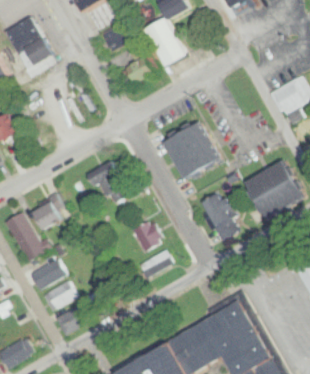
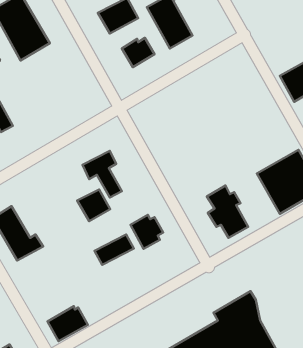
building: [162,122,220,181] -> none
building: [31,201,61,230] -> [77,189,110,221]
building: [134,249,170,277] -> [95,234,134,265]
building: [29,254,65,290] -> none
building: [45,281,76,309] -> none

